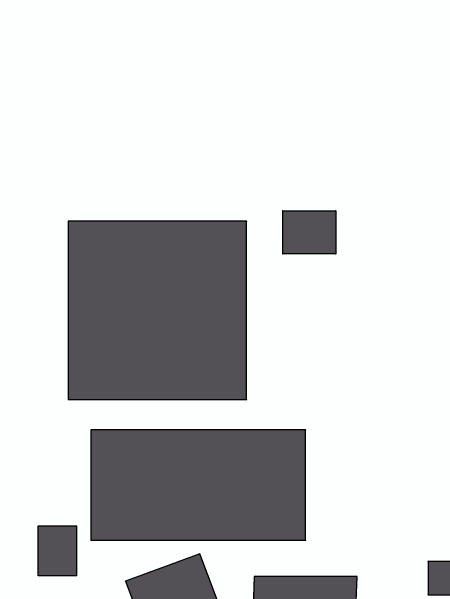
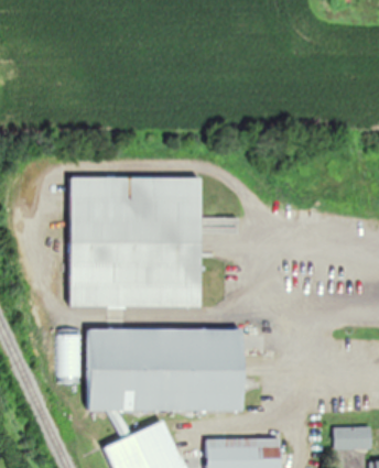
building: [283,211,336,254] -> none
building: [38,526,77,576] -> none

